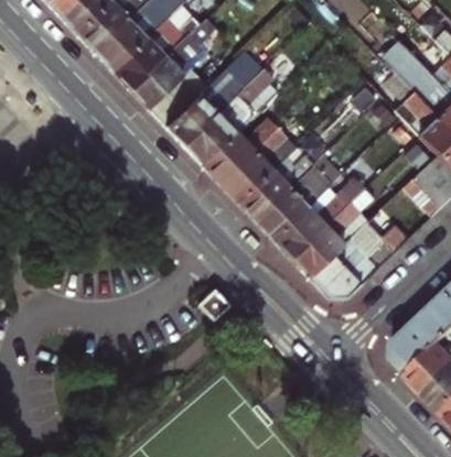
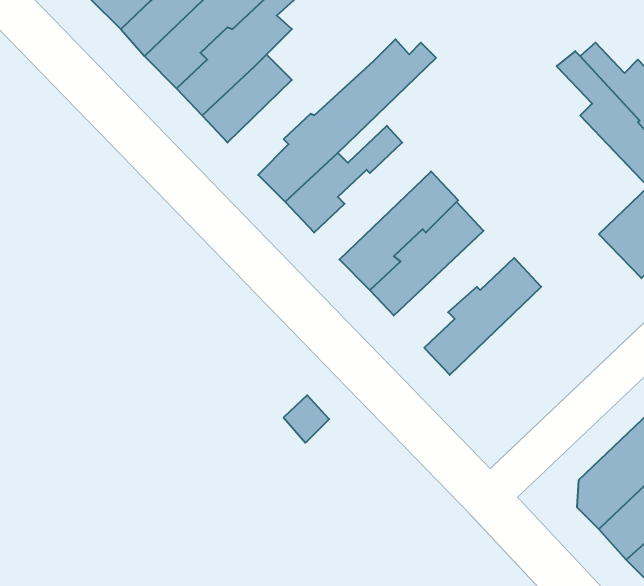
building: [164,62,259,146] -> none
building: [221,126,297,202] -> none
building: [272,167,366,259] -> none
building: [309,219,408,296] -> none

